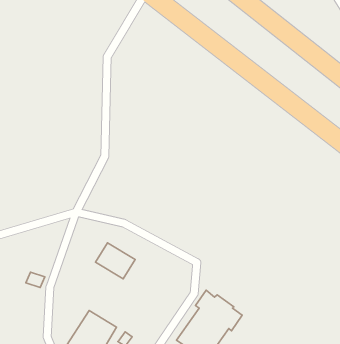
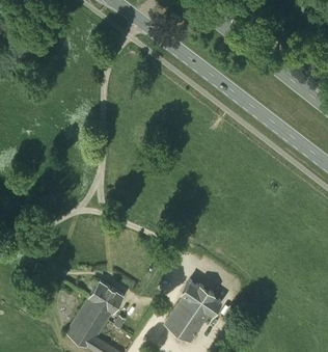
building: [96,243,135,279] -> [88,281,122,313]

